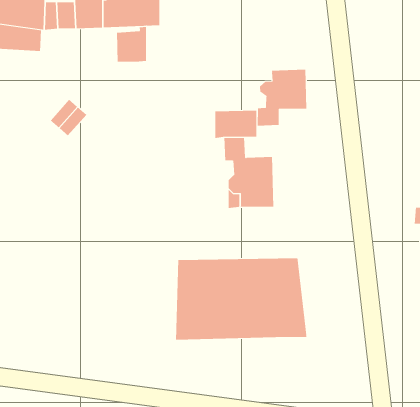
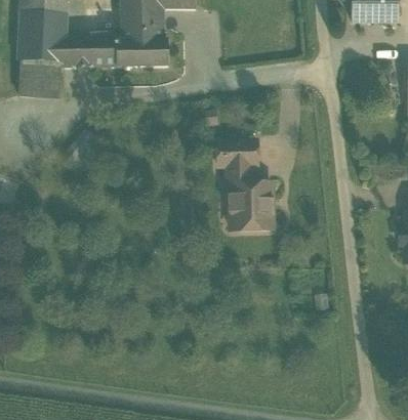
building: [116,26,147,63] -> none
building: [257,69,307,127] -> none
building: [176,258,307,340] -> none

